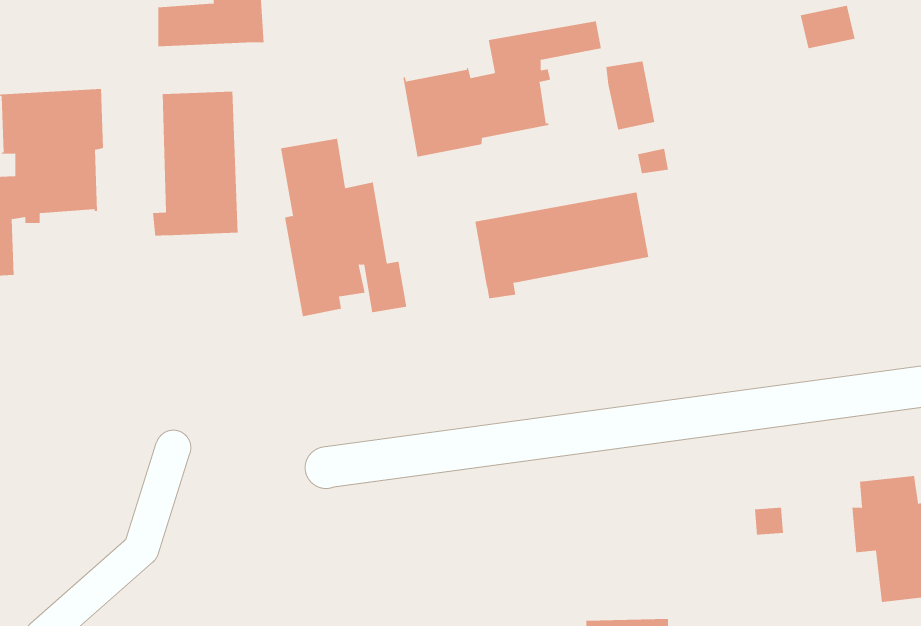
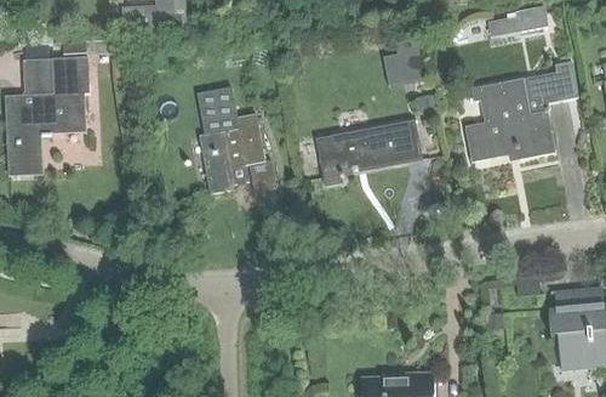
building: [403,20,601,158] -> none
building: [153,91,238,236] -> none
building: none -> [465,61,578,161]

